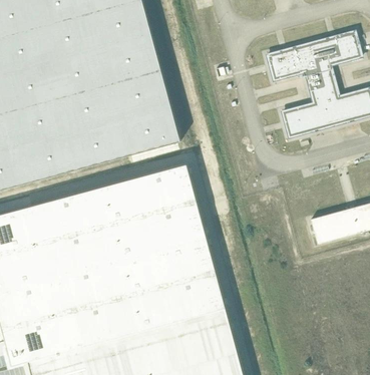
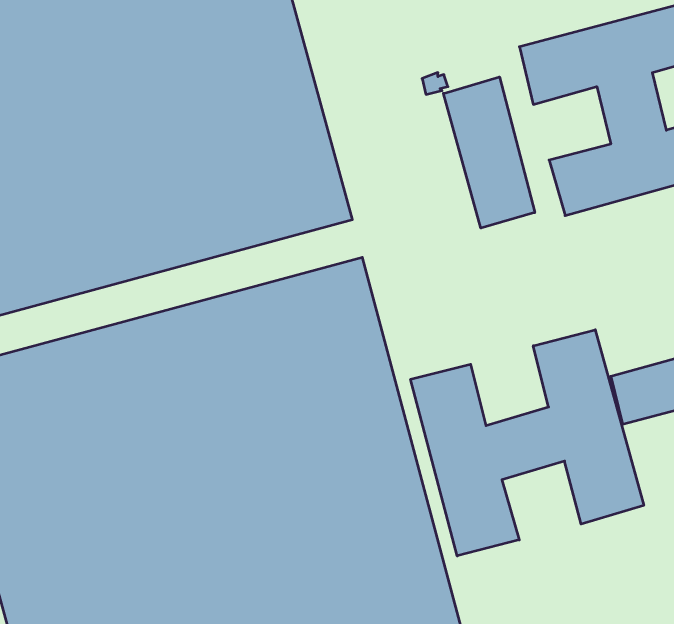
building: none -> [443,77,535,228]
building: none -> [411,330,644,556]

